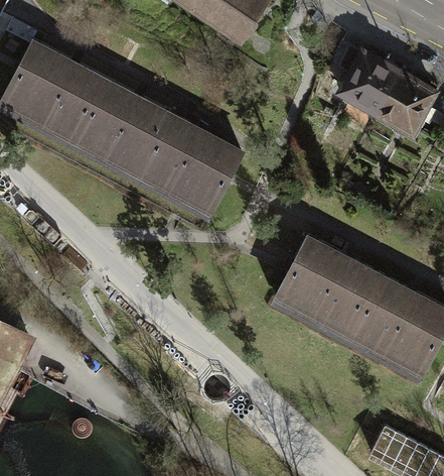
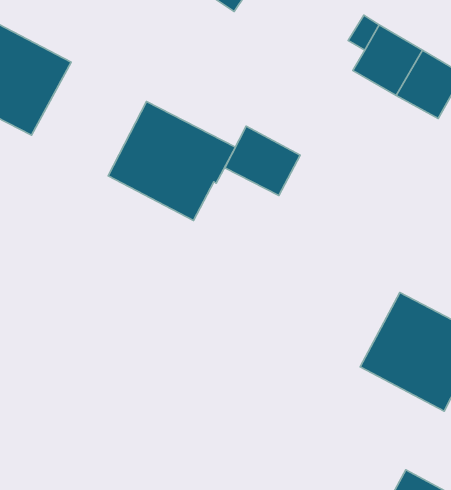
building: [71,82,168,177] -> none
building: none -> [225,126,300,195]
building: [276,237,381,338] -> none

